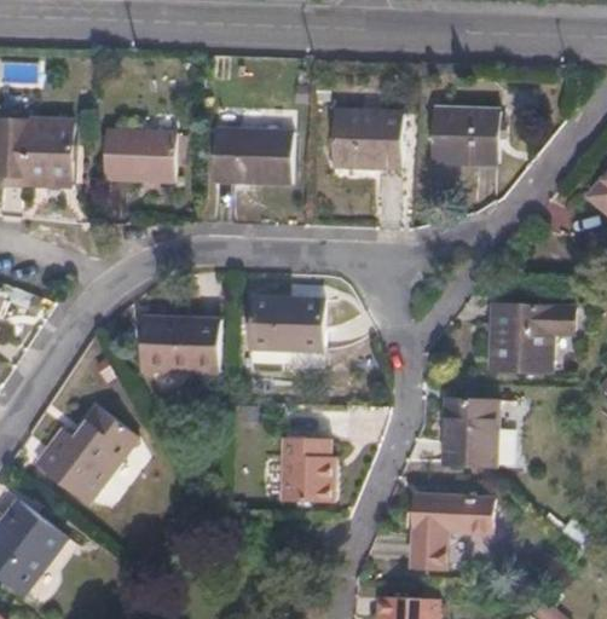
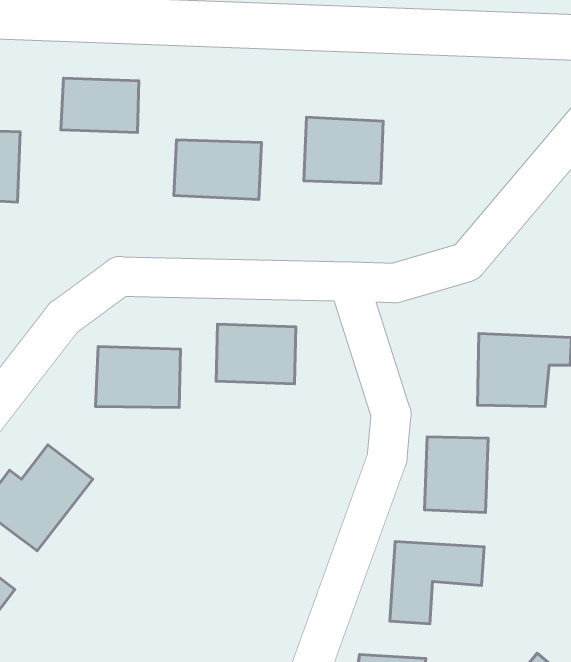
building: [429,106,498,163] -> none
building: [103,131,174,180] -> [61,78,139,132]
building: [279,432,335,497] -> none

